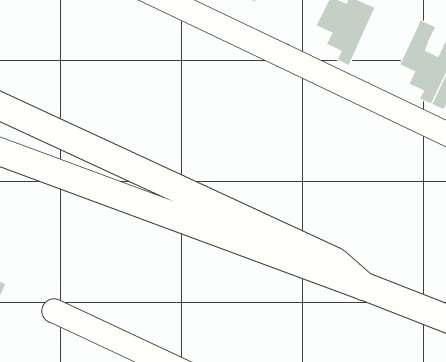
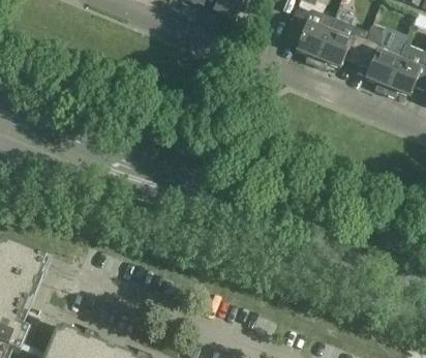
building: none -> [315,17,369,68]

